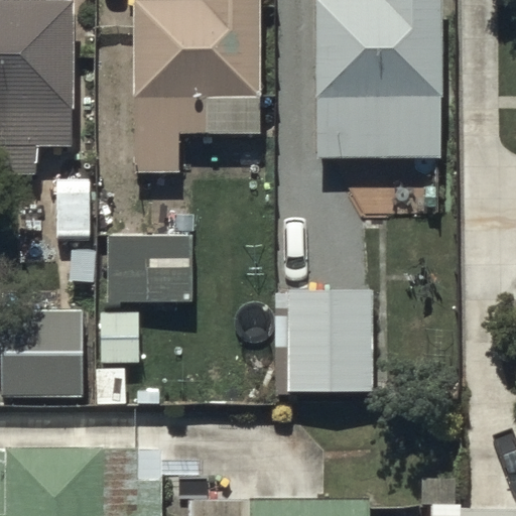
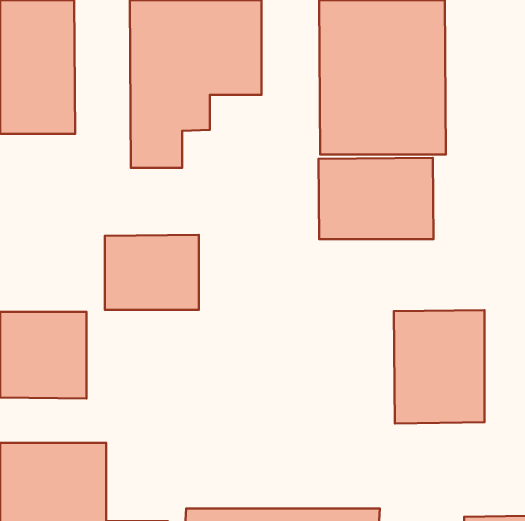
building: none -> [318,158,434,239]
building: [284,285,373,396] -> [394,310,485,423]

